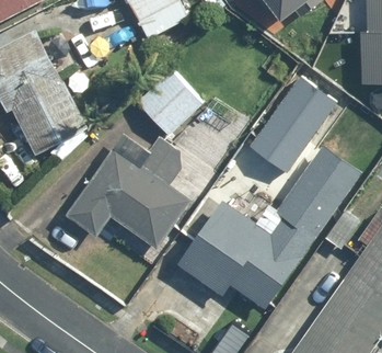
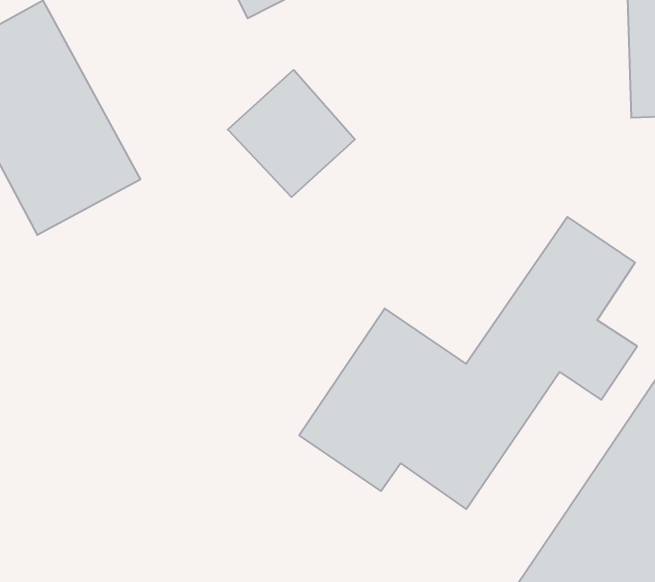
building: [251,77,337,173] -> none
building: [66,134,192,250] -> none

